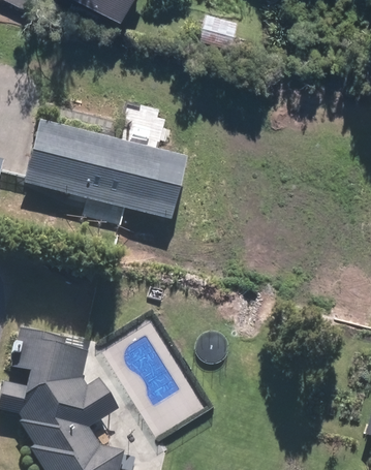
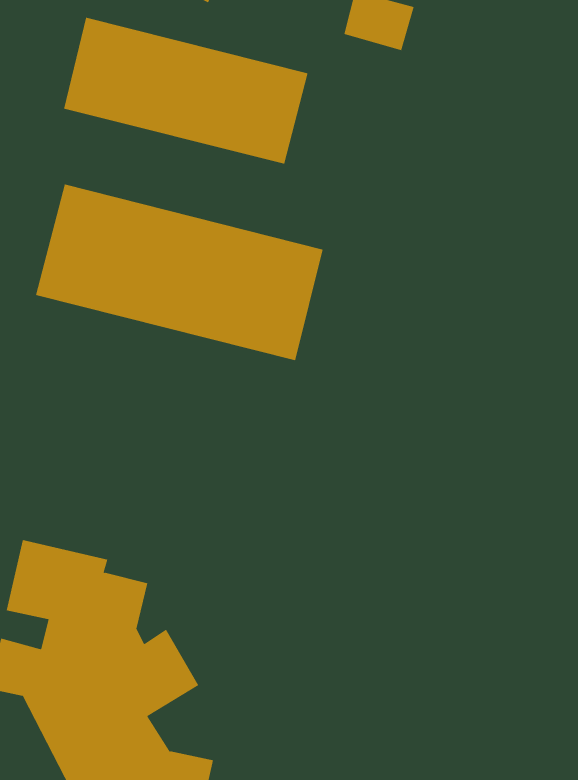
building: none -> [64,17,308,164]

